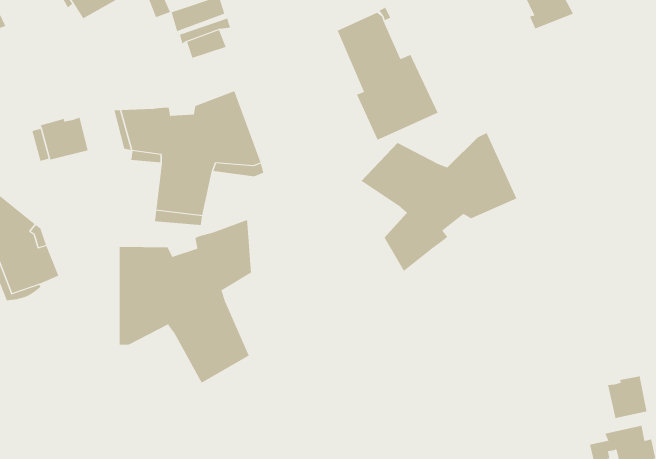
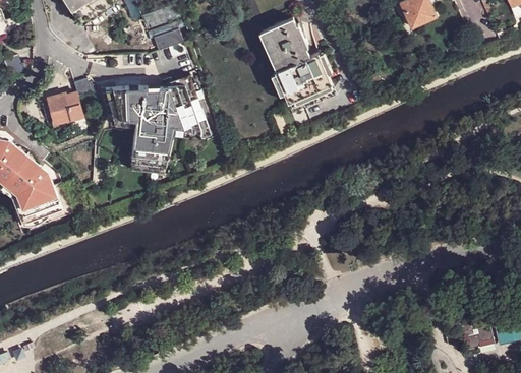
building: [361,132,517,272] -> none
building: [119,219,251,384] -> none
building: [607,376,648,419] -> none

